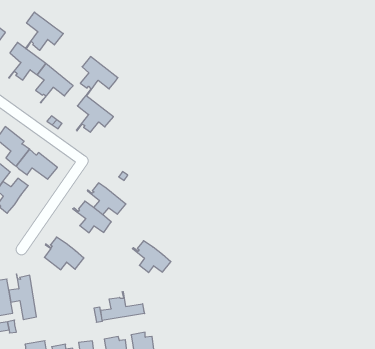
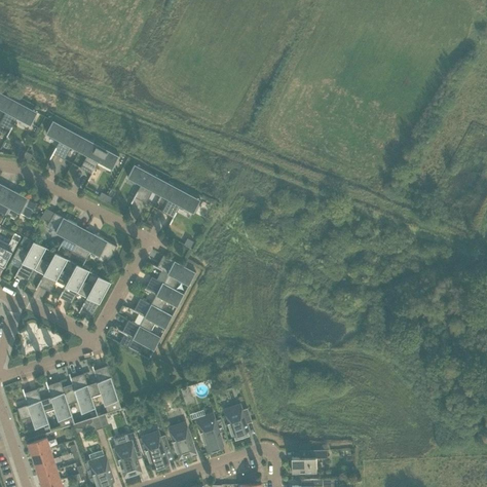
building: [26,12,63,50] -> none
building: [80,57,118,96] -> [159,183,199,225]
building: none -> [77,276,110,315]
building: [132,241,171,273] -> [128,299,172,332]
building: [101,292,145,321] -> none

